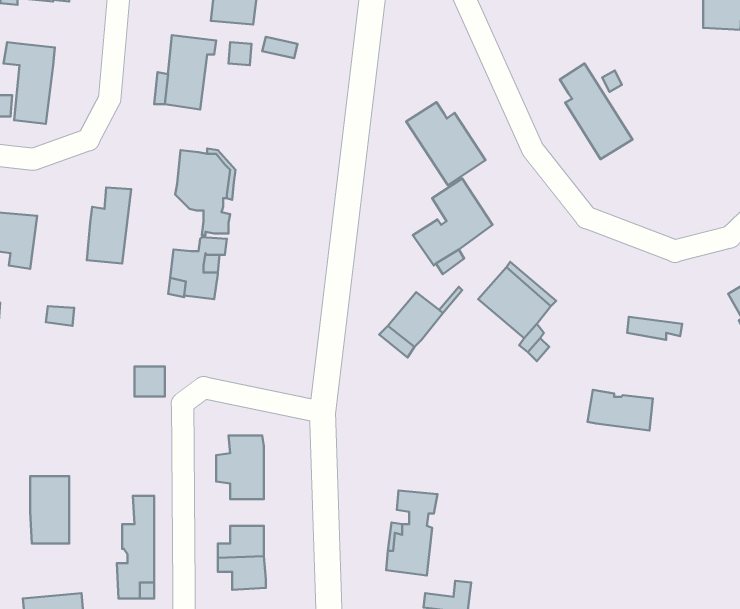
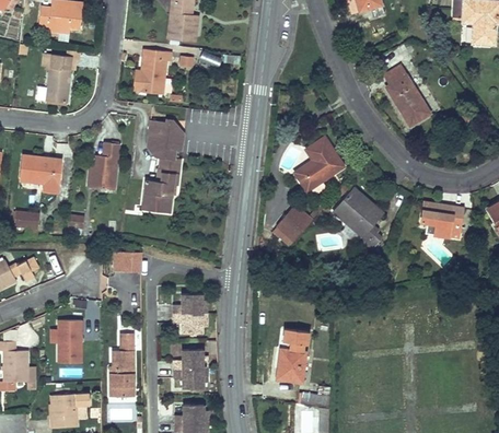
building: [406,102,486,185] -> none
building: [587,390,653,431] -> [421,201,462,226]

